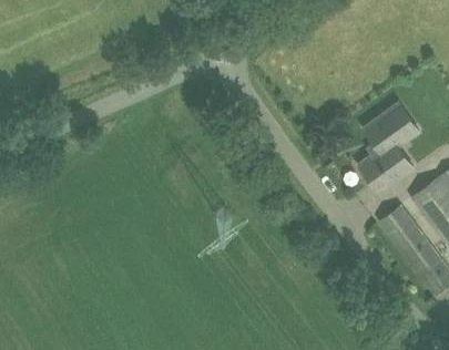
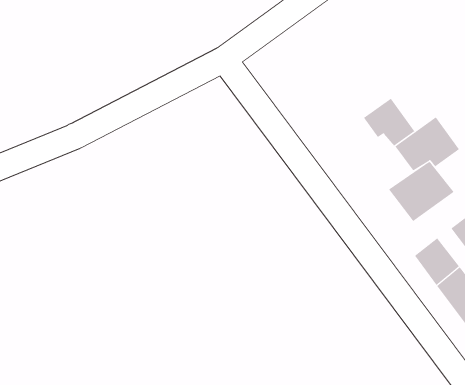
building: none -> [363,98,415,146]

